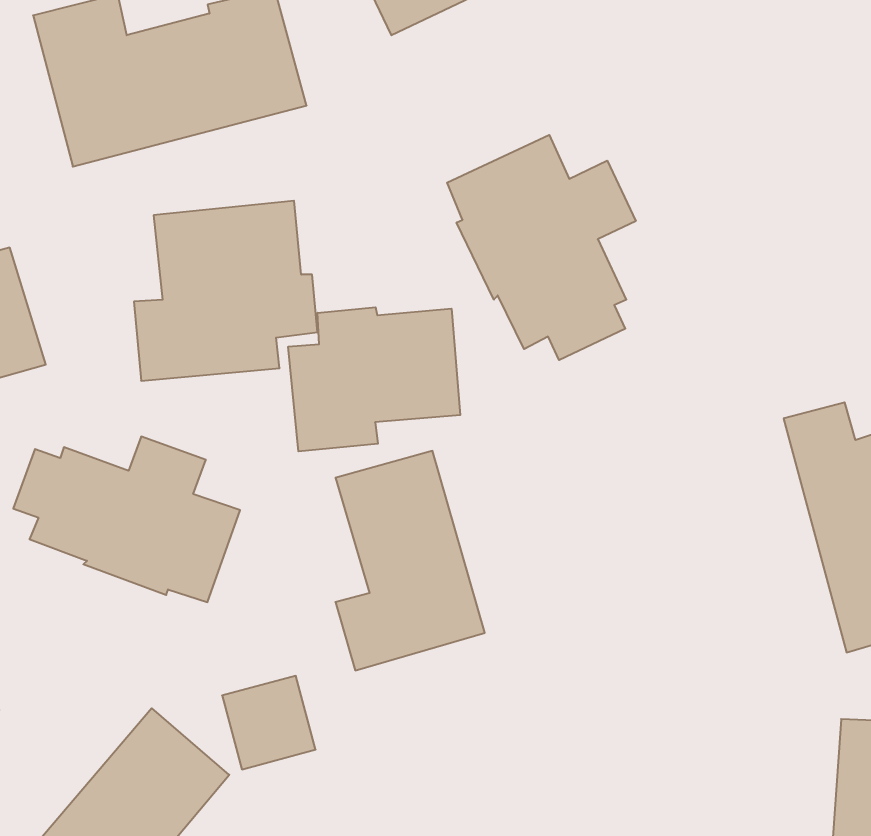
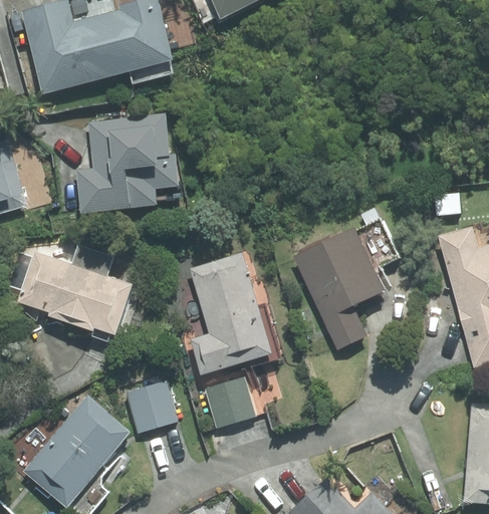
building: [447,135,636,360] -> none
building: [288,307,460,451] -> none
building: none -> [294,208,400,347]
building: none -> [204,376,256,428]

